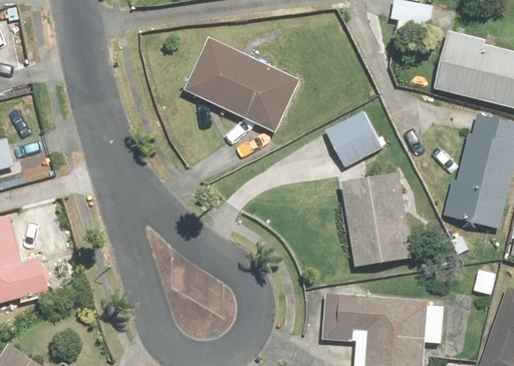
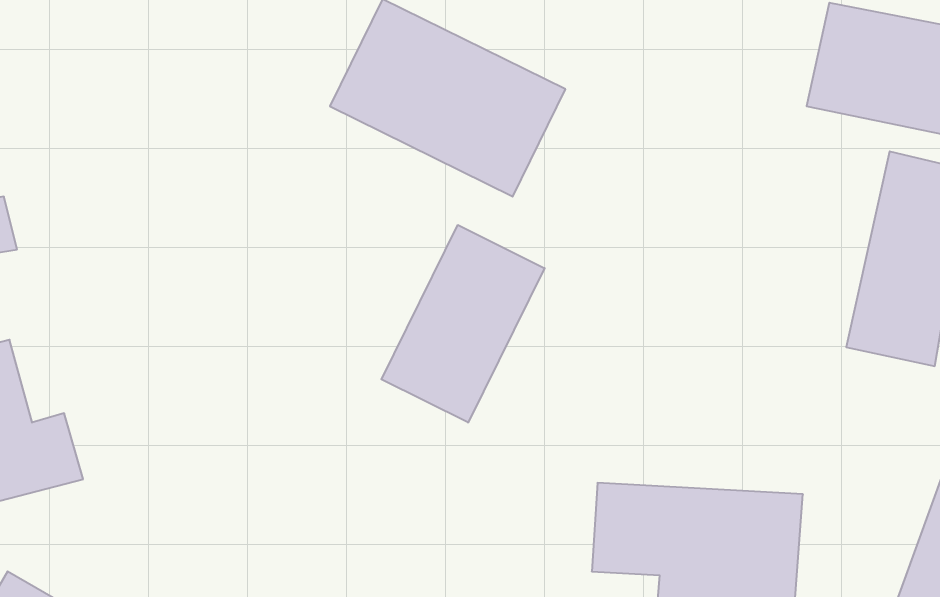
building: [323,111,383,169] -> none
building: none -> [381,225,545,423]
building: [343,170,412,265] -> none

